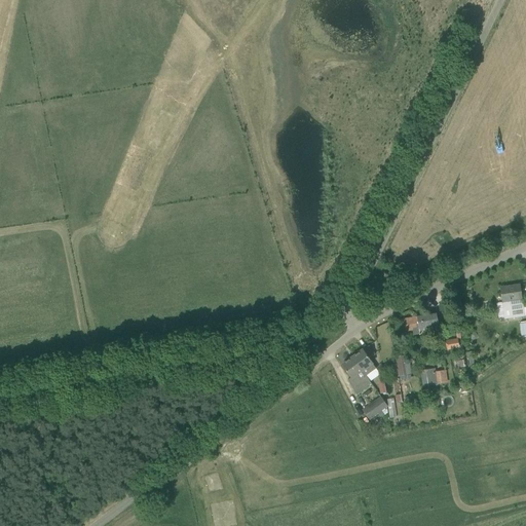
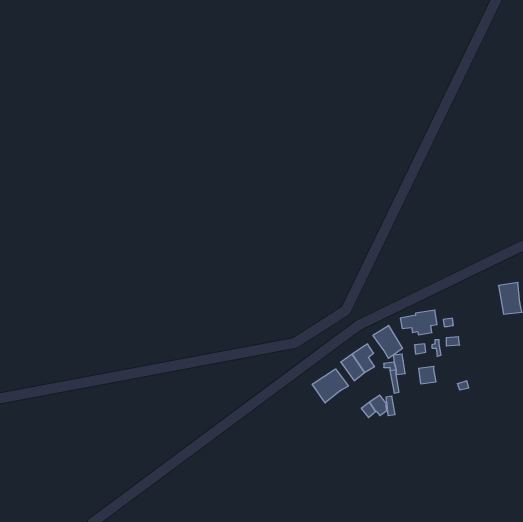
building: none -> [373,325,403,358]
building: none -> [312,369,348,403]

